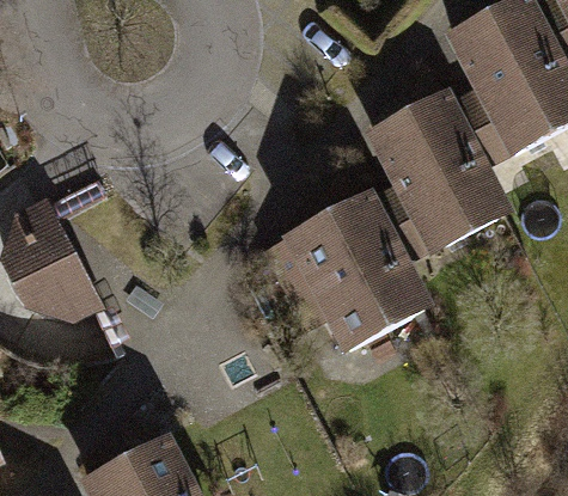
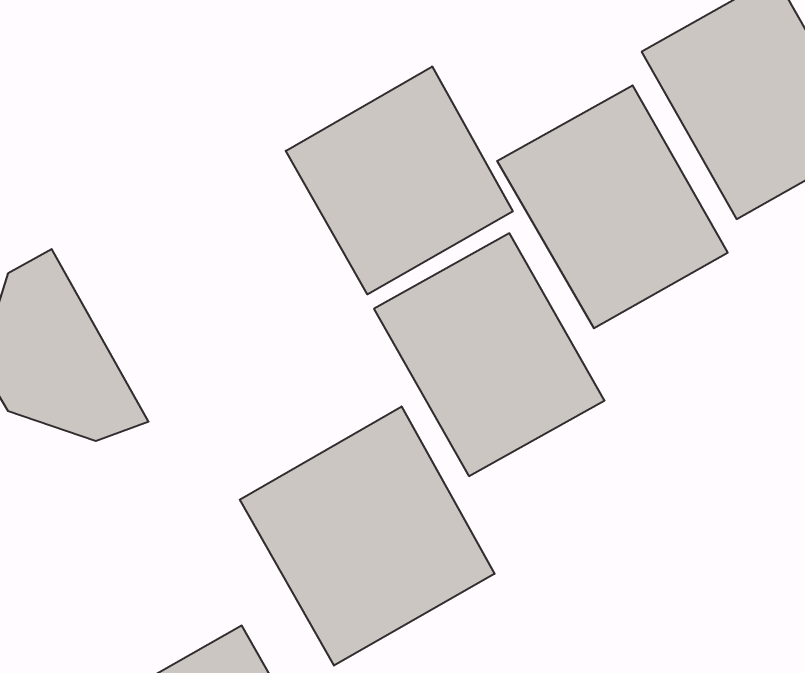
building: none -> [286,66,513,294]
building: none -> [240,406,495,666]

